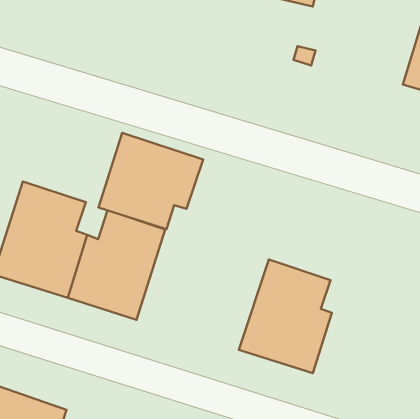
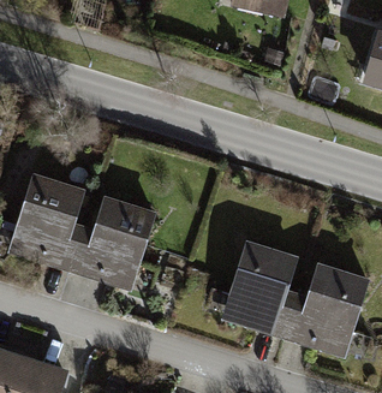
building: [98,133,203,229] -> none
building: none -> [282,260,369,357]

